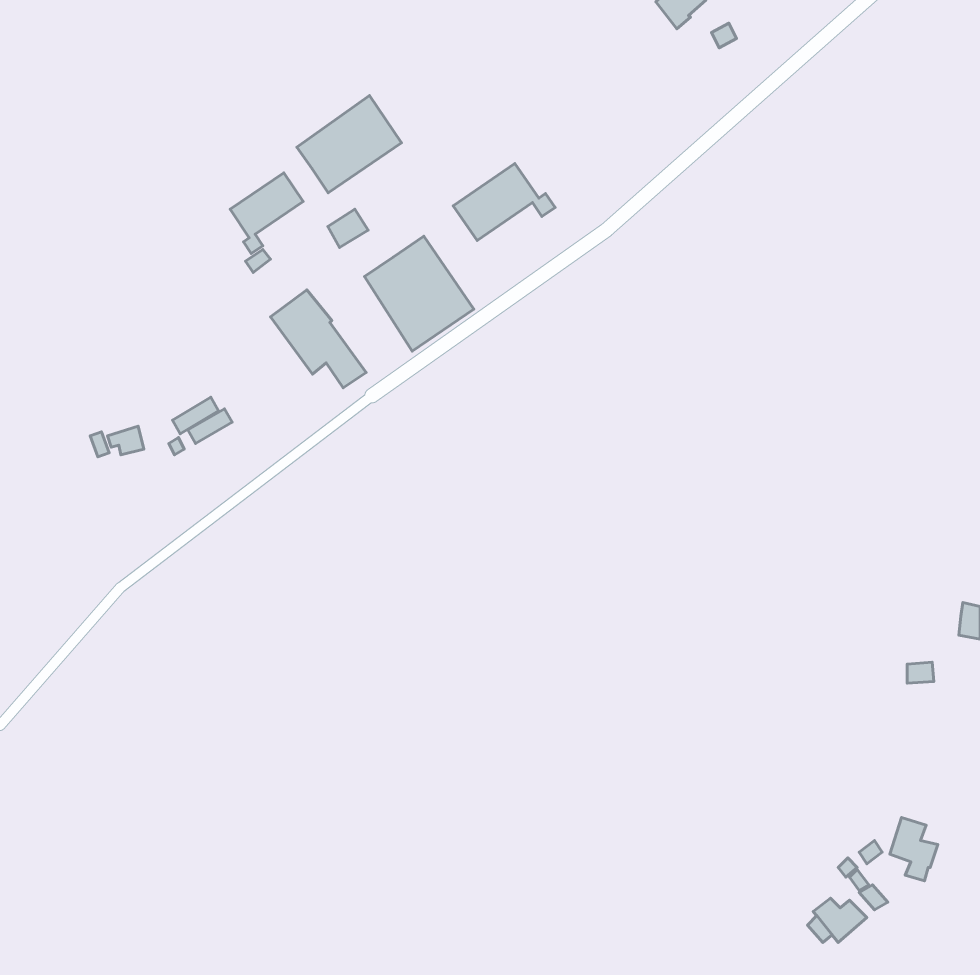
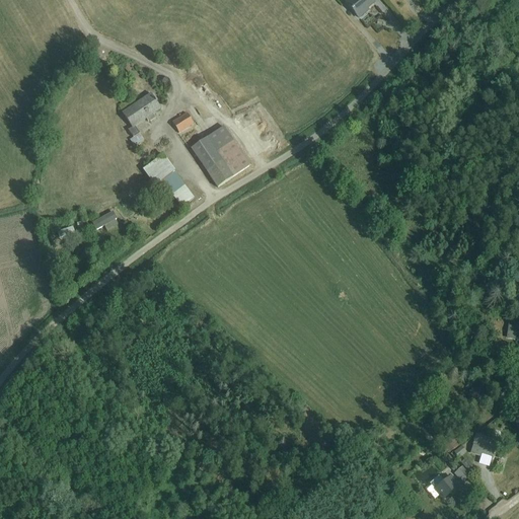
building: [297,95,402,193] -> none
building: [453,163,555,240] -> none

